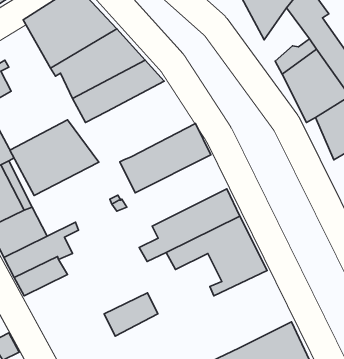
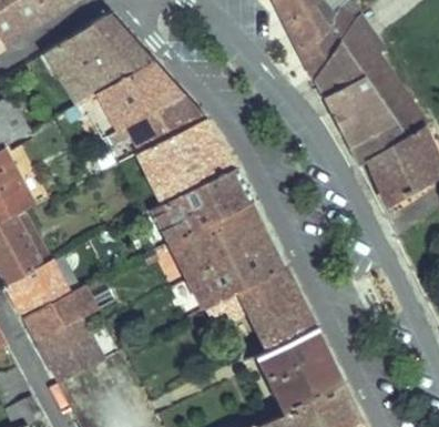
building: none -> [310,38,360,96]
building: [10,120,99,195] -> [137,119,235,202]
building: none -> [169,200,269,278]
building: none -> [255,327,340,413]
building: [104,293,158,336] -> [47,332,105,379]

